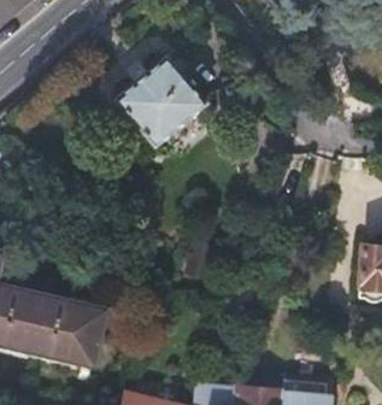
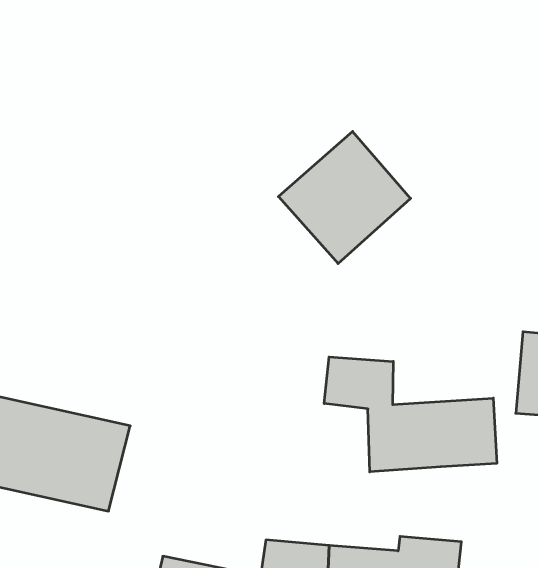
building: [116,58,204,146] -> [278,131,411,264]
building: none -> [324,357,497,472]

